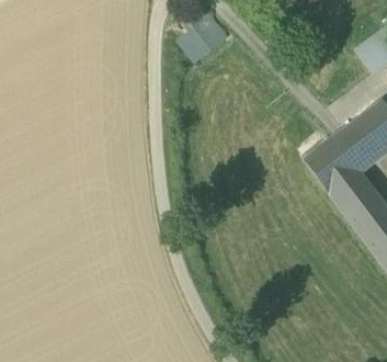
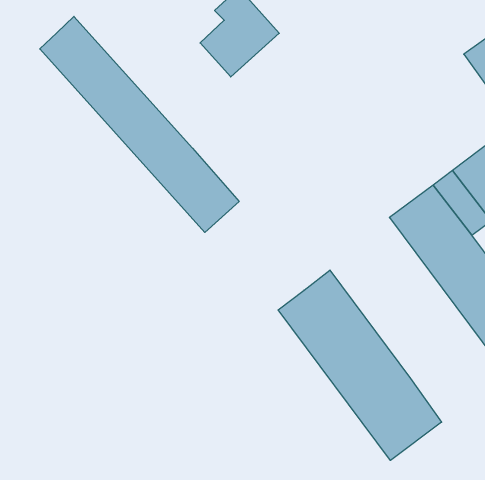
building: none -> [40,16,239,232]
building: none -> [278,270,442,460]

